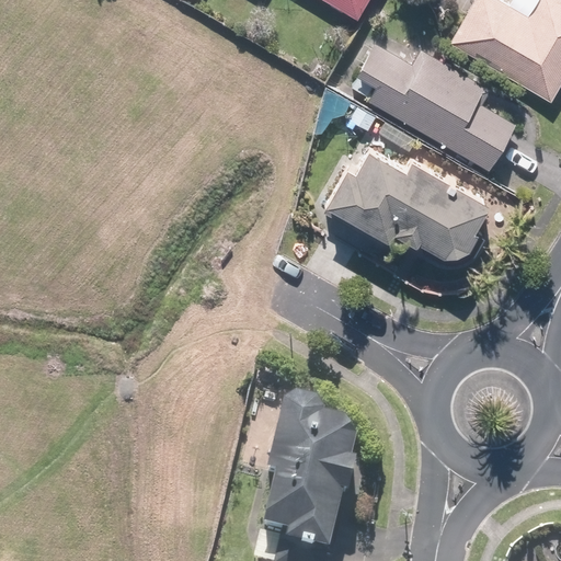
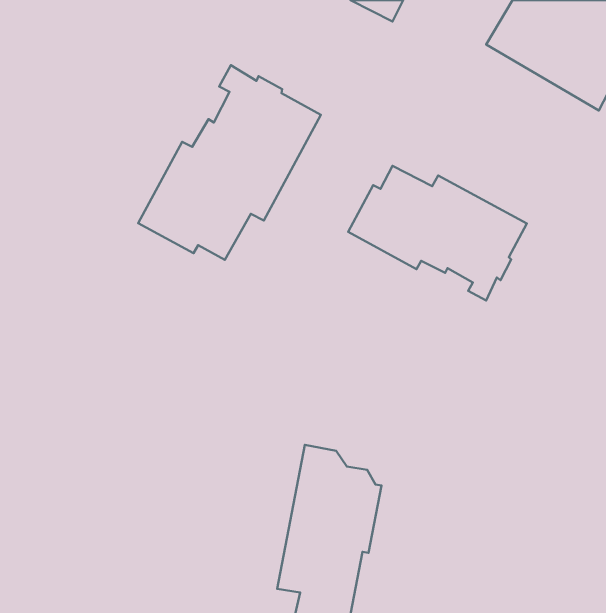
building: [347,44,517,170] -> none
building: none -> [138,65,321,260]

